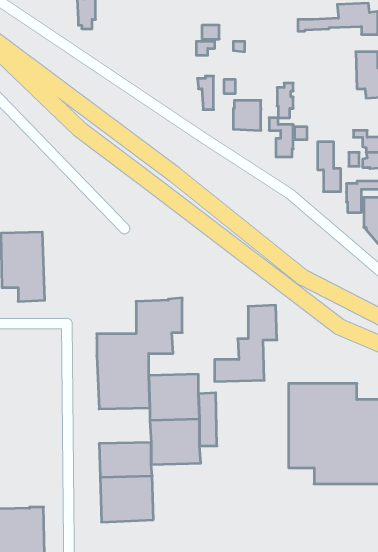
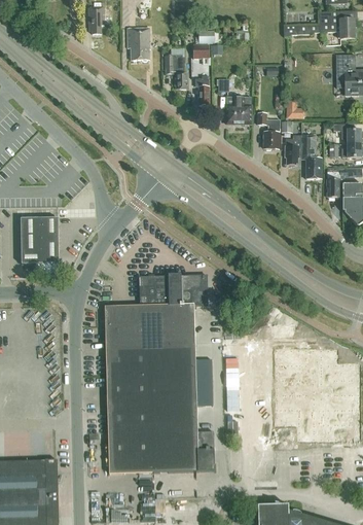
building: none -> [128,27,150,61]
building: none -> [166,55,187,89]
building: [277,83,293,118] -> [286,134,300,165]
building: [215,305,277,381] -> [151,274,207,342]
building: none -> [107,371,153,402]
building: none -> [153,420,215,470]

